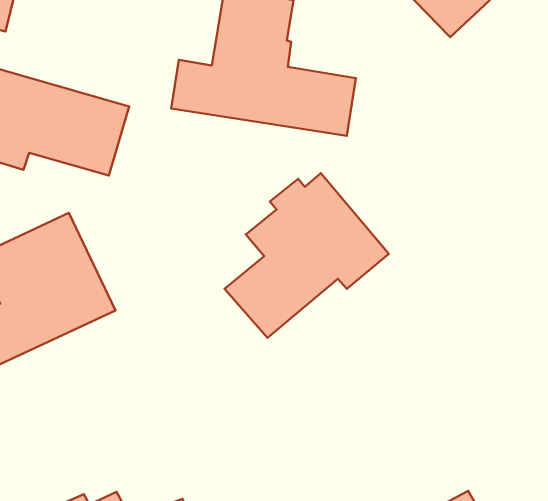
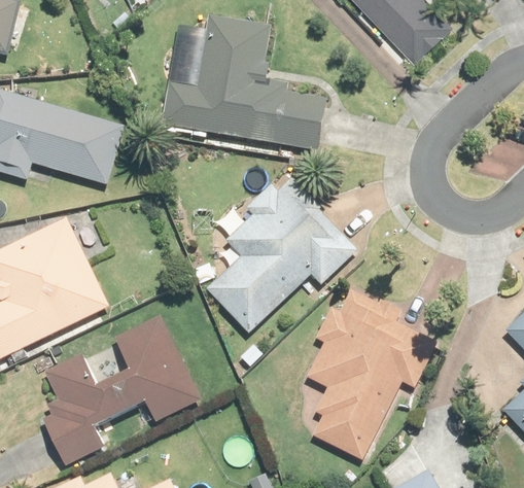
building: none -> [307,292,434,460]
building: none -> [41,329,195,470]

